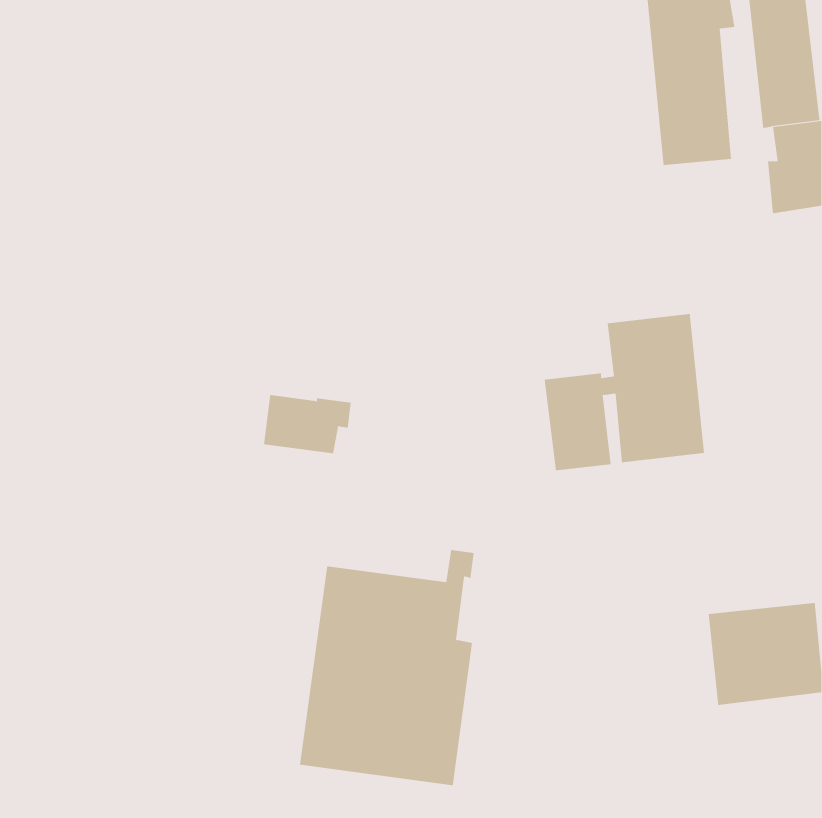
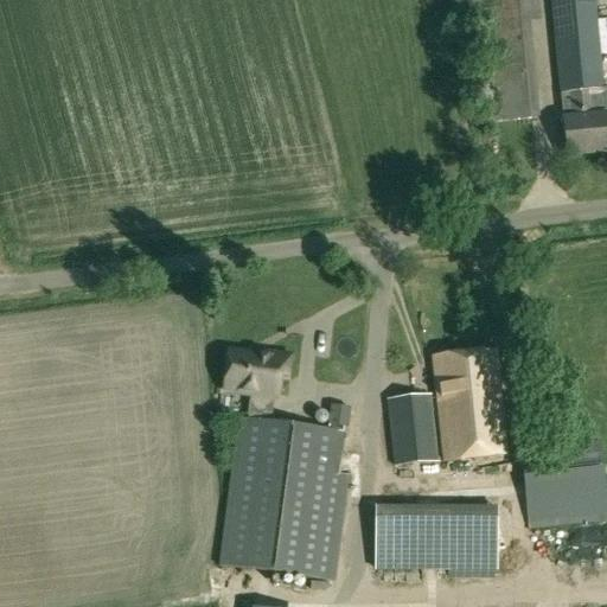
building: [544,313,705,471] -> [388,350,506,466]
building: [263,395,352,454] -> [225,350,290,394]
building: none -> [377,499,498,574]

